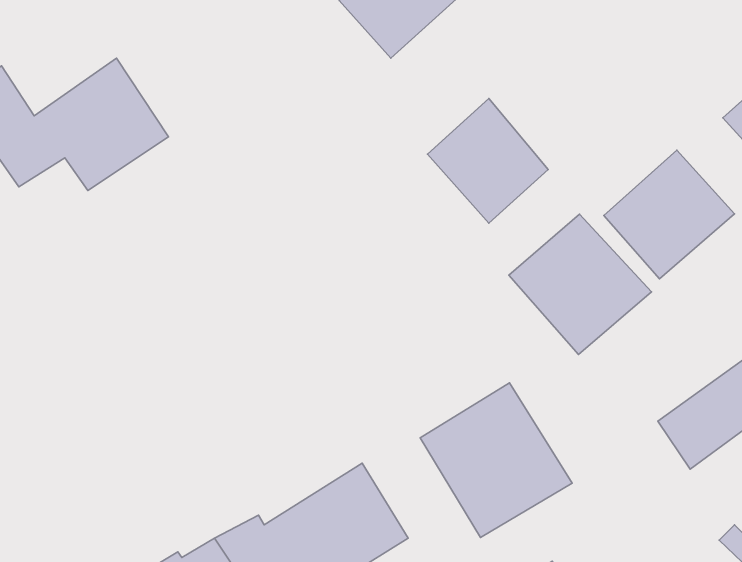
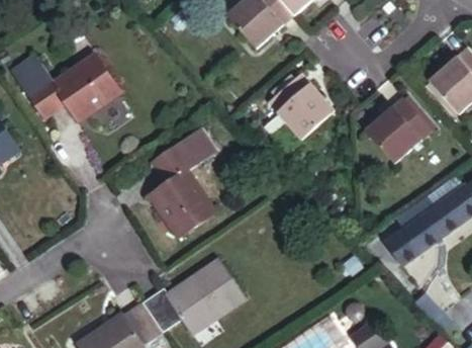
building: [509,214,652,355] -> none
building: none -> [157,139,224,240]
building: [420,383,572,538] -> none

